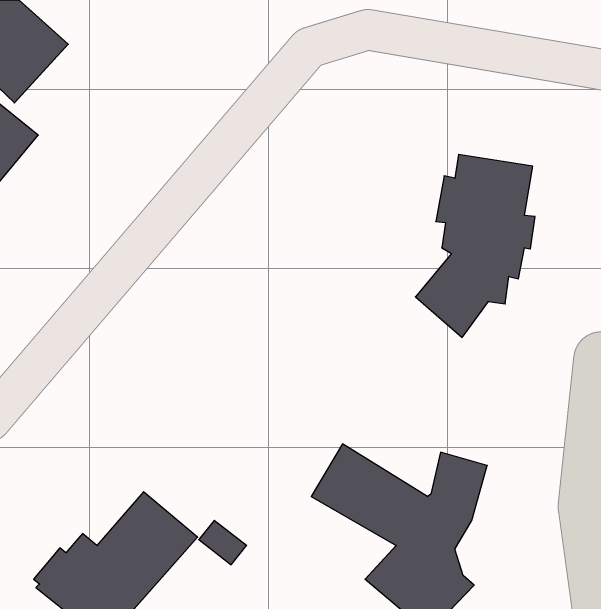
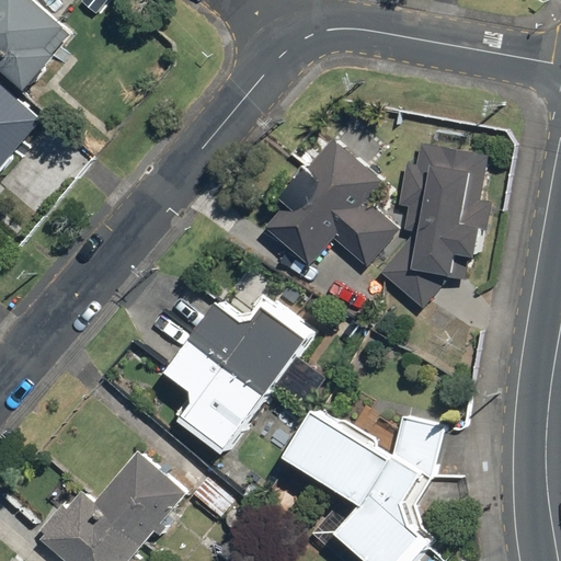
building: none -> [257,140,402,272]
building: none -> [163,301,306,448]

